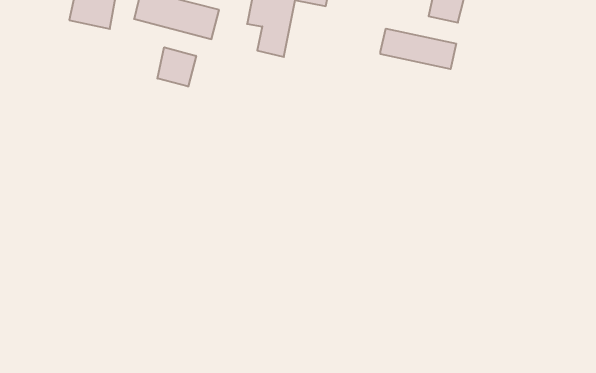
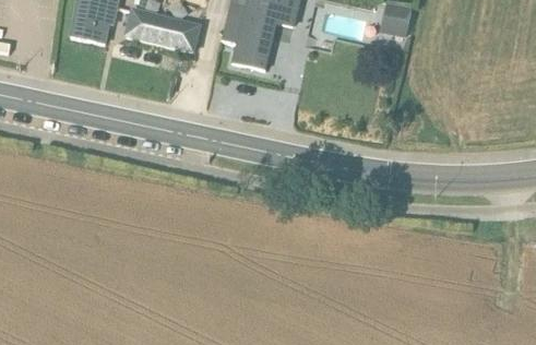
building: [380,29,456,69] -> none
building: [157,47,196,87] -> none

